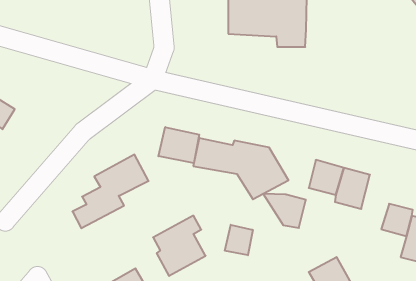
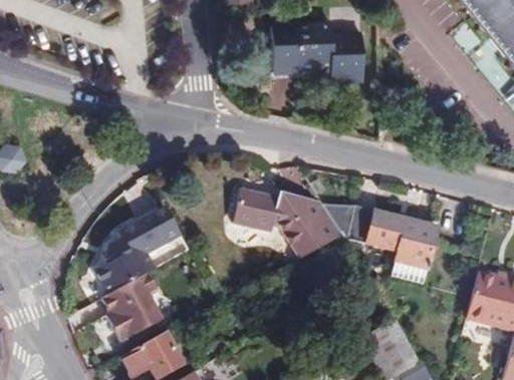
building: [158,127,199,163] -> none
building: [263,194,306,228] -> [323,204,372,243]
building: [153,216,206,276] -> [102,276,163,345]
building: [225,225,253,255] -> none

